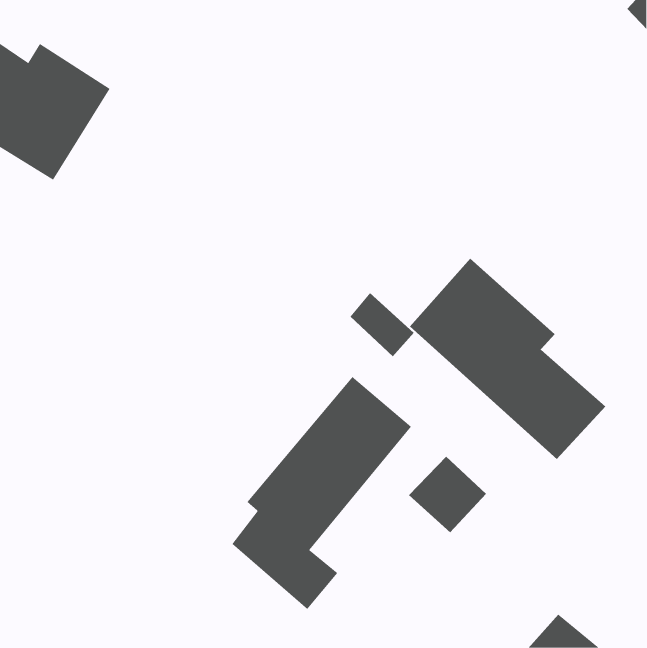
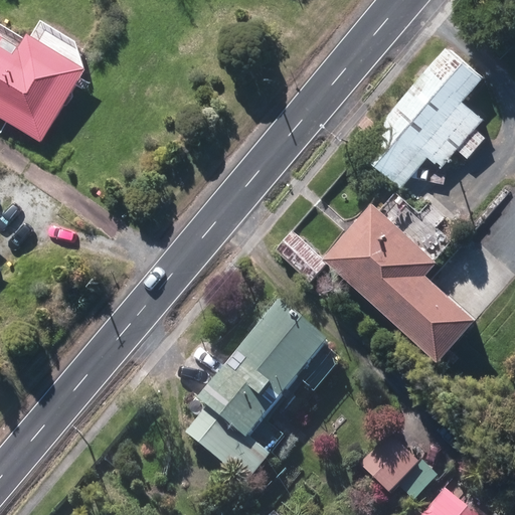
building: none -> [358,48,484,190]
building: [408,456,487,533] -> [354,431,416,492]

